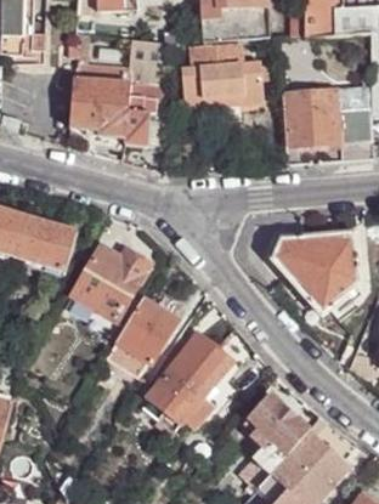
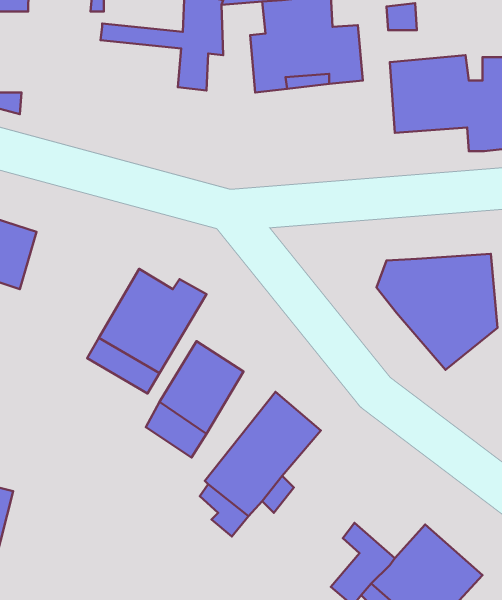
building: [72,78,152,146] -> none
building: [16,216,77,271] -> none
building: [248,393,309,452] -> none

